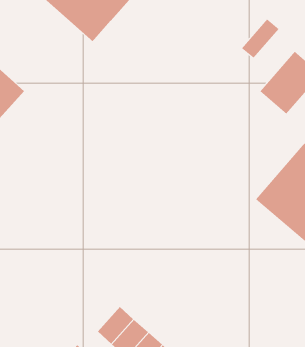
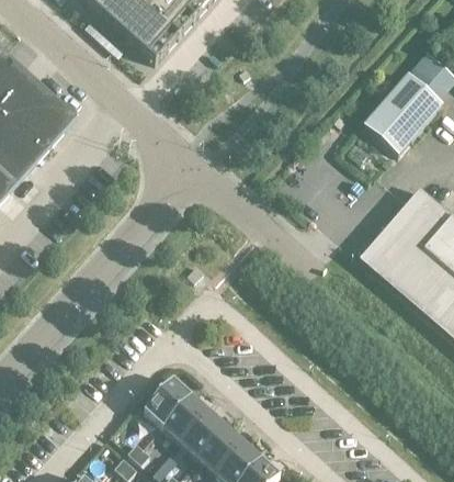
building: [241,19,279,58] -> none
building: none -> [144,375,190,423]

